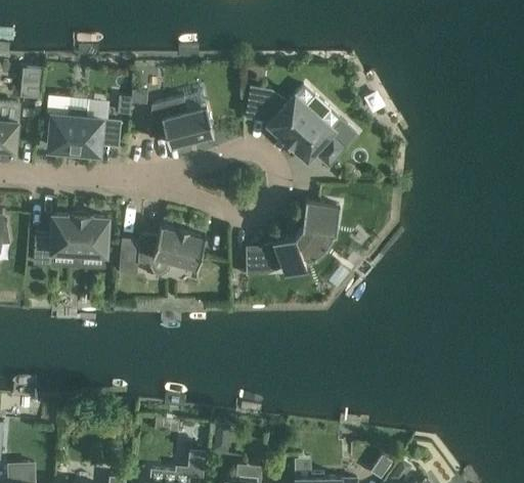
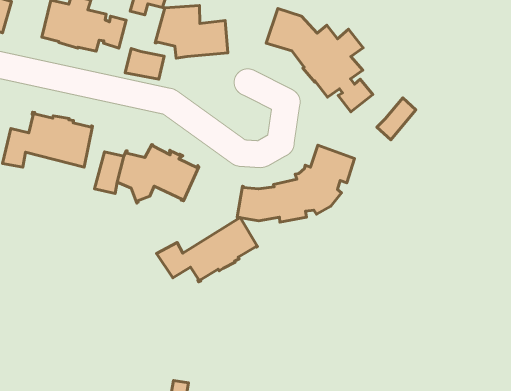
building: none -> [125,48,164,79]
building: none -> [377,98,416,140]
building: none -> [157,218,258,282]

